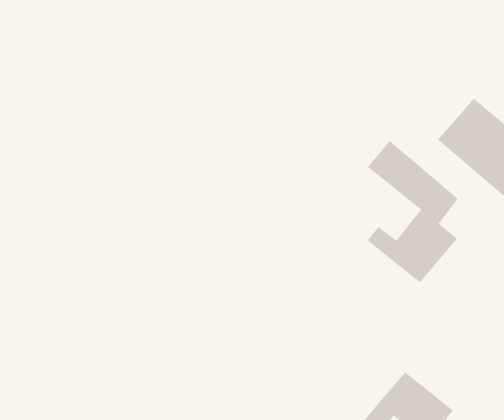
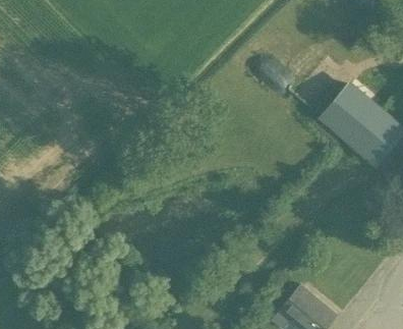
building: [367,140,458,283] -> none

